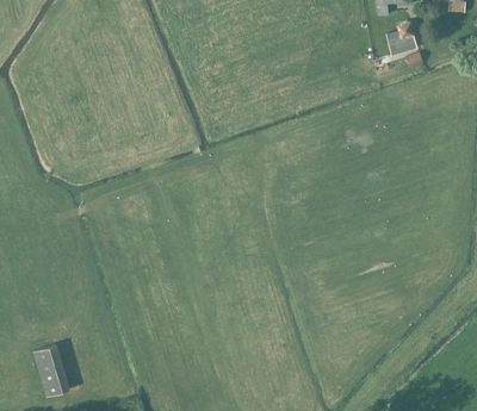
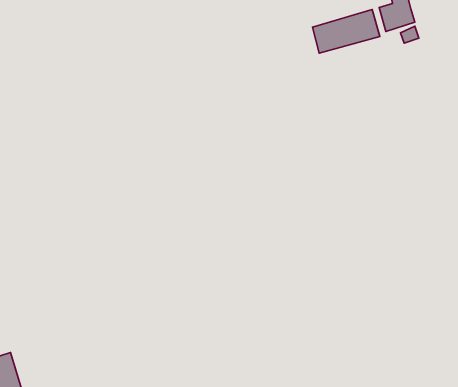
building: none -> [312,10,380,53]

